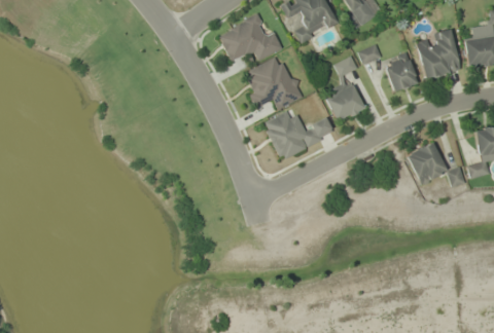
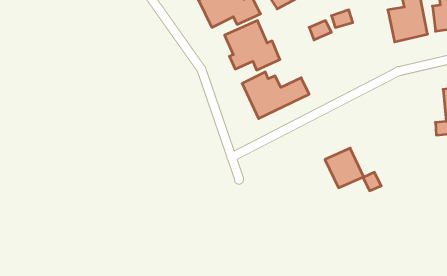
building: [384,53,418,90] -> none
building: [325,81,365,121] -> none
building: [407,141,466,186] -> [325,148,381,191]

